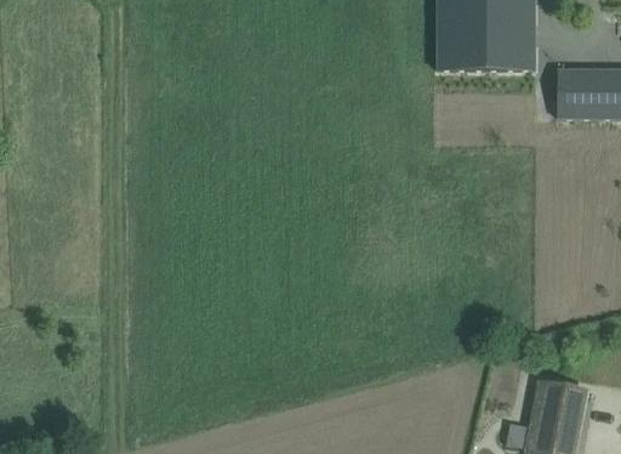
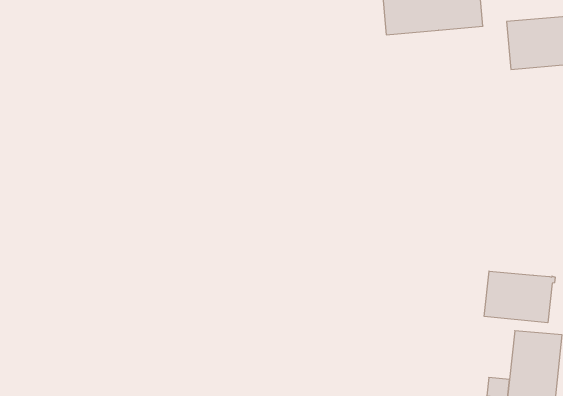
building: none -> [484,271,555,323]

